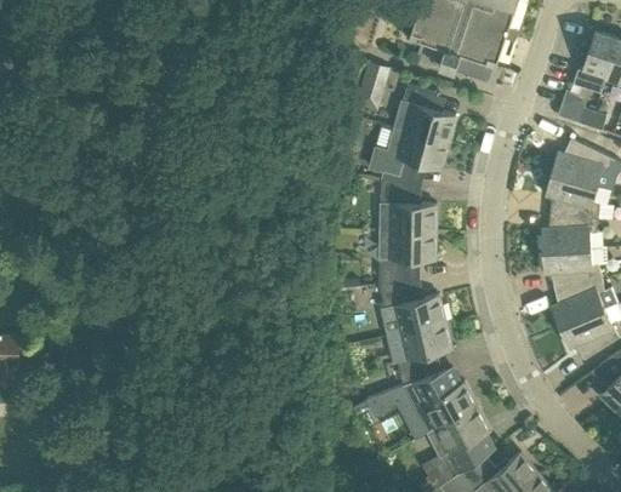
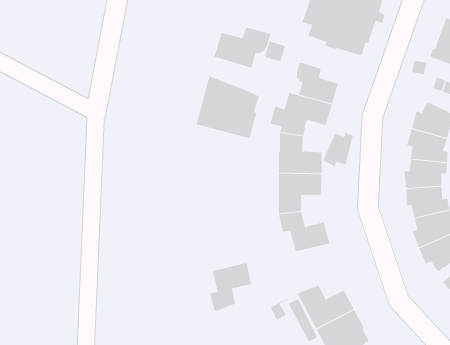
building: none -> [214,27,271,68]
building: none -> [196,75,260,139]
building: none -> [323,132,354,167]
building: [397,321,451,385] -> [209,262,252,312]

